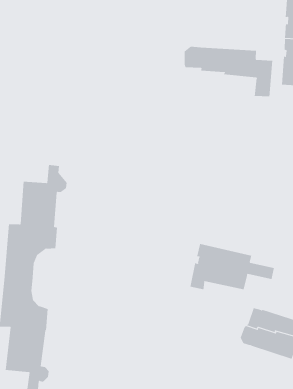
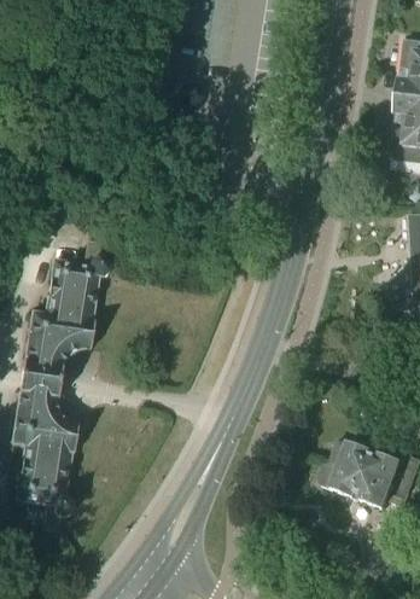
building: [184,46,273,97] -> none
building: [190,243,274,290] -> none

